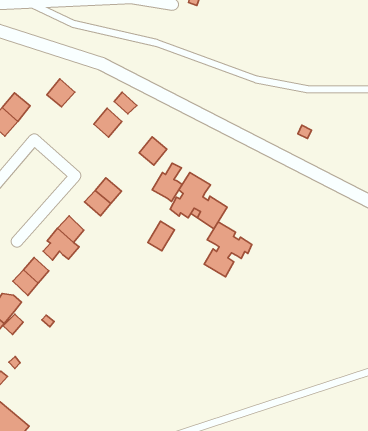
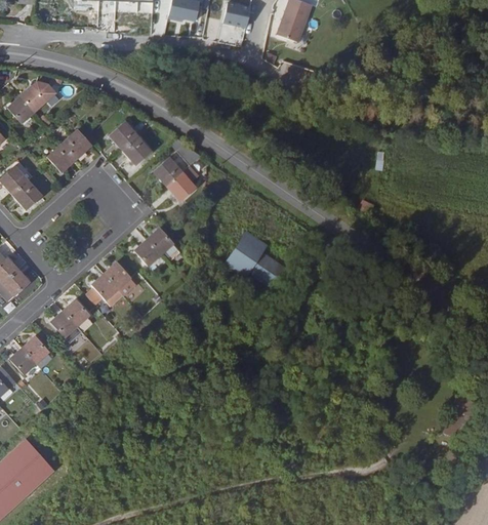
building: none -> [123,135,152,164]
building: [139,137,167,165] -> [167,171,196,200]
building: [152,163,182,202] -> none
building: [148,221,174,251] -> none
building: [204,222,252,277] -> none

